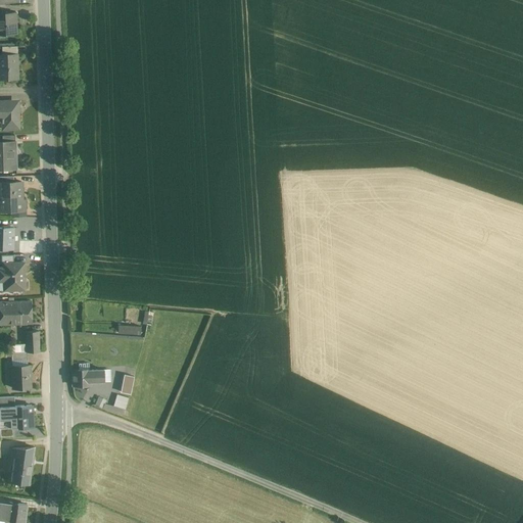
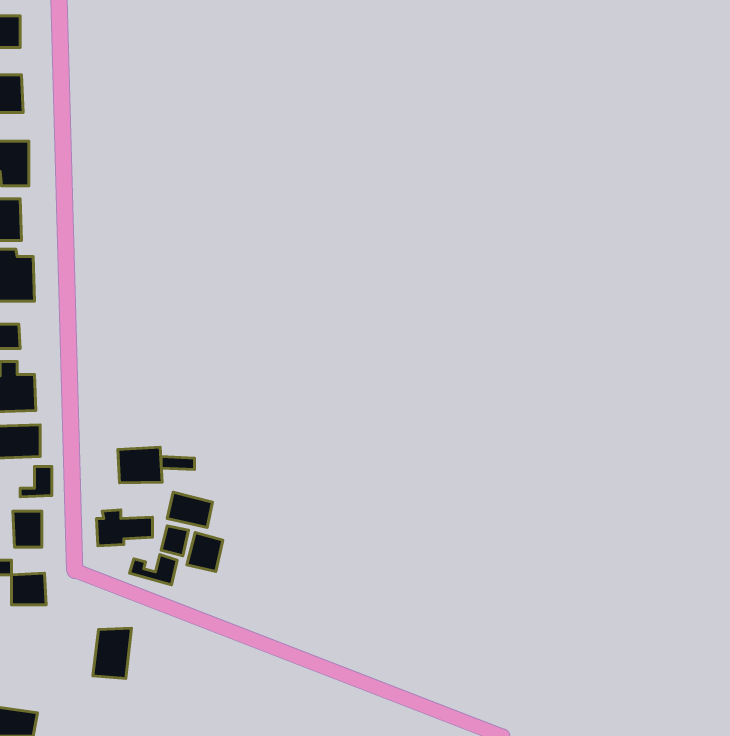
building: none -> [118,447,162,483]
building: none -> [167,492,213,527]
building: none -> [187,532,223,571]
building: [7,447,35,483] -> [93,628,132,679]

